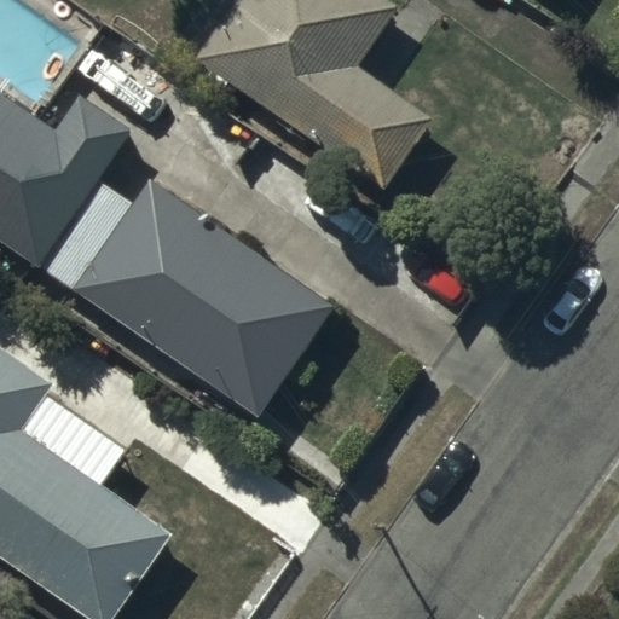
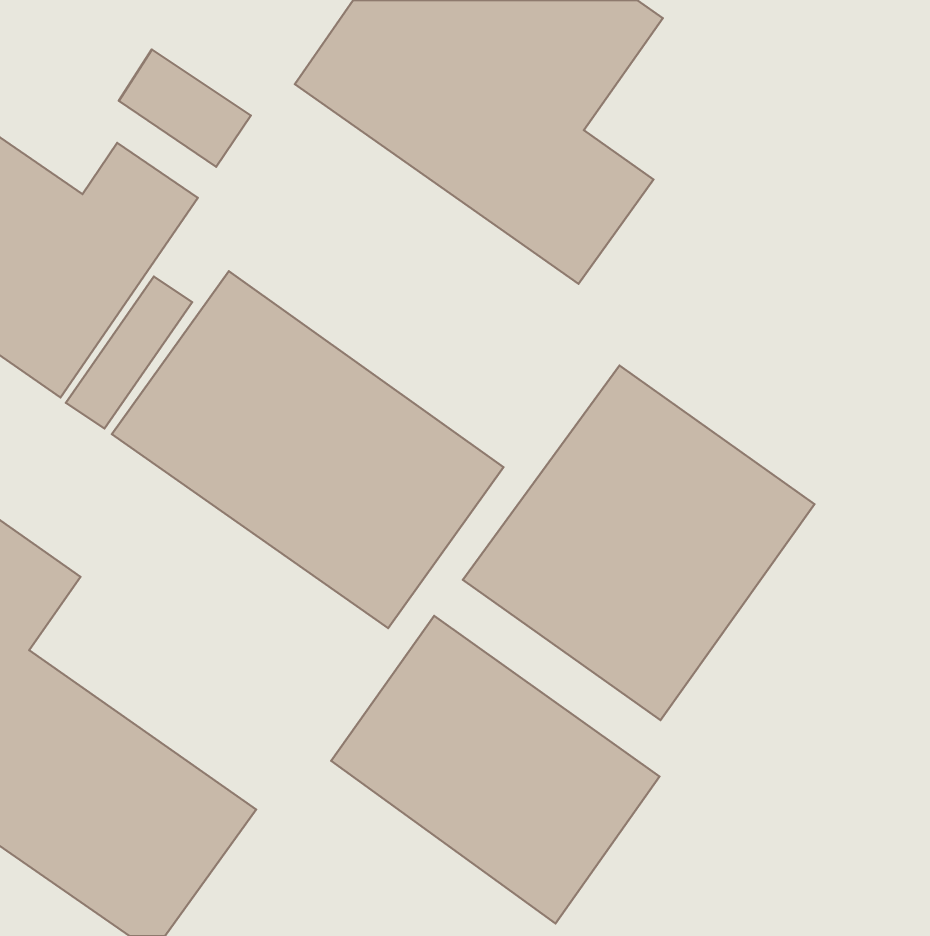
building: none -> [463,365,814,720]
building: none -> [331,616,660,924]

